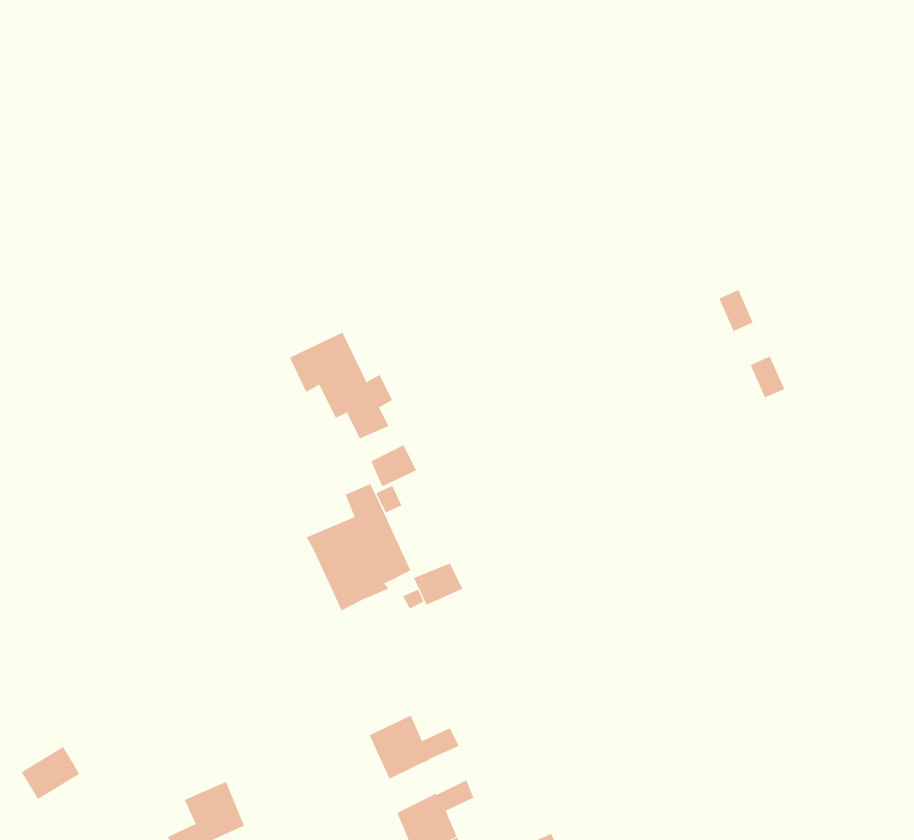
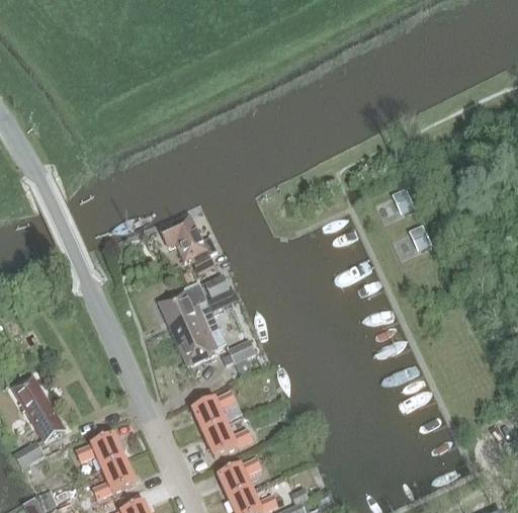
building: none -> [159,284,204,326]
building: none -> [12,376,65,442]
building: none -> [192,393,236,434]
building: none -> [77,435,125,469]

